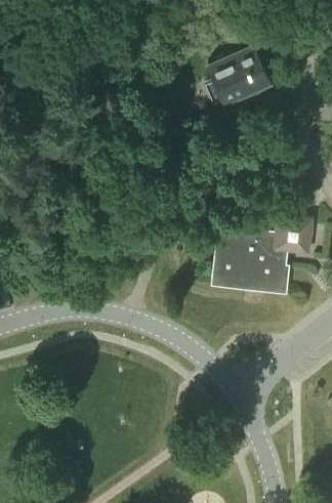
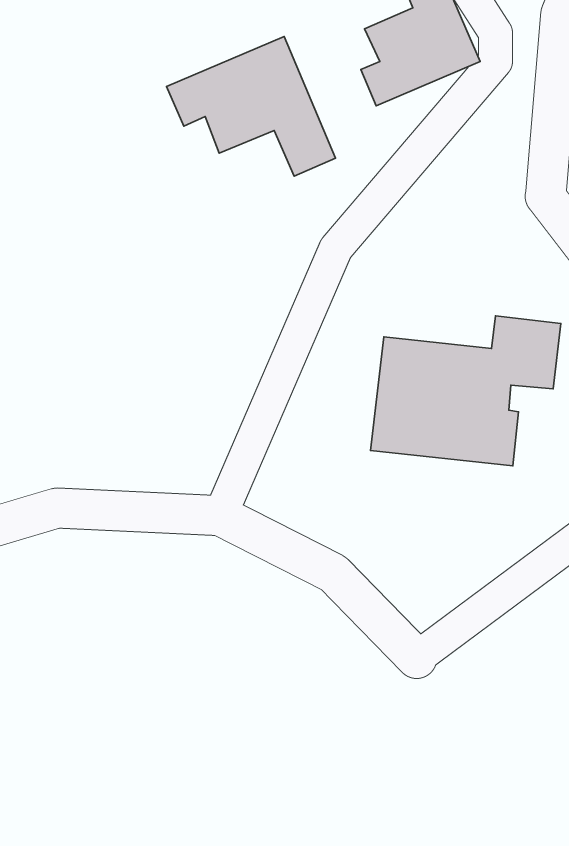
building: none -> [167,36,335,176]

